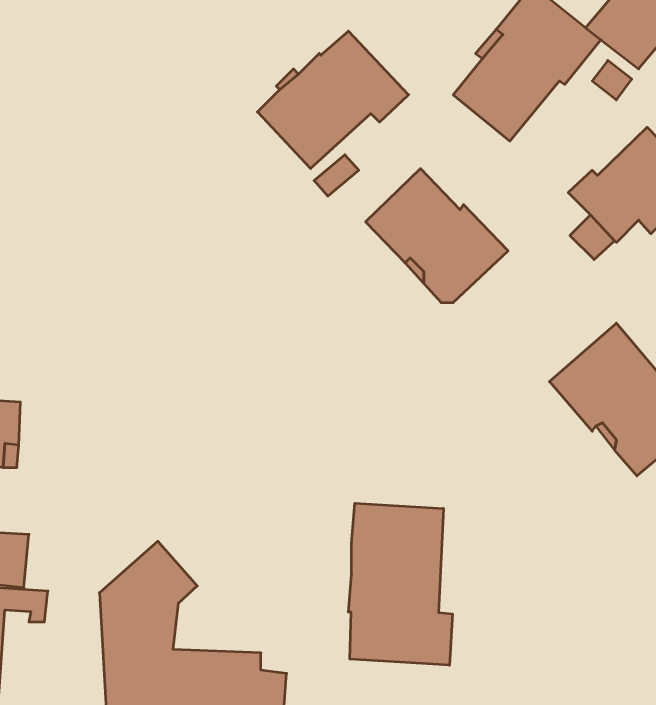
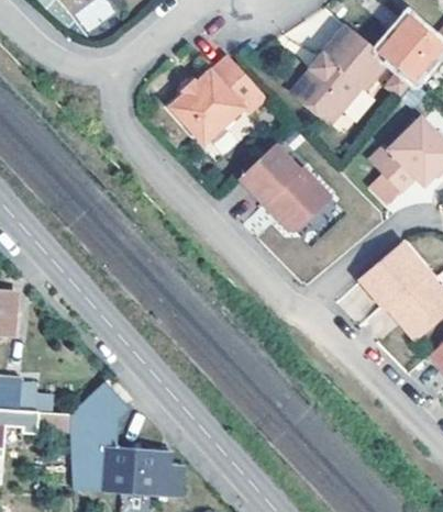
building: [348,503,452,665] -> none

